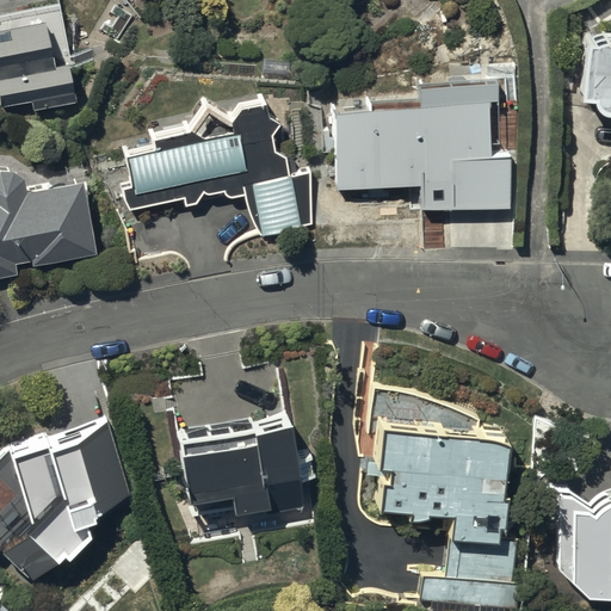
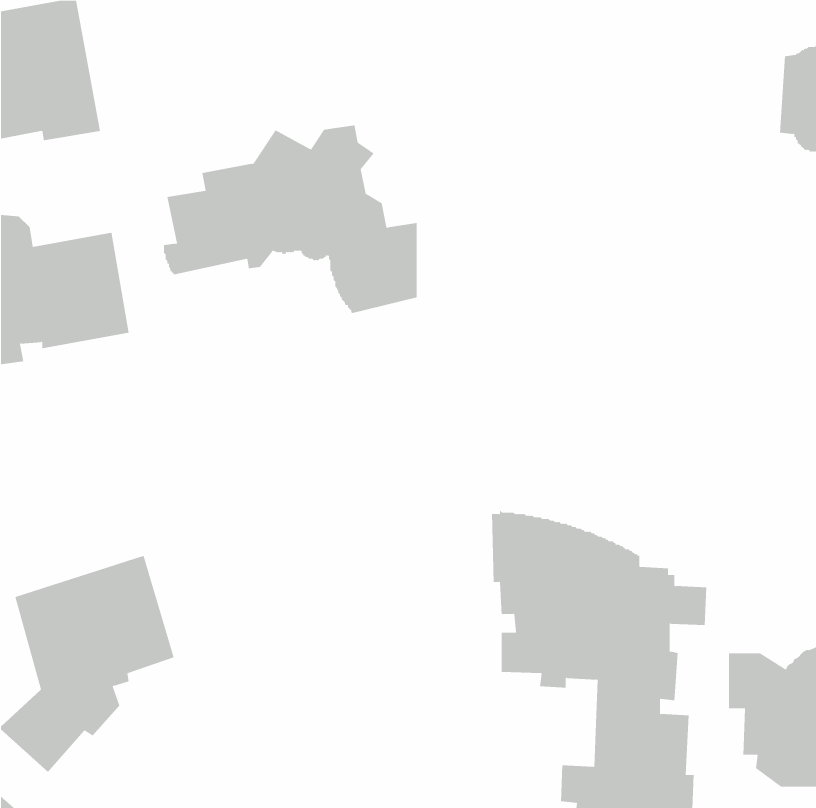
building: [331,103,507,211] -> none
building: [181,416,310,516] -> none

